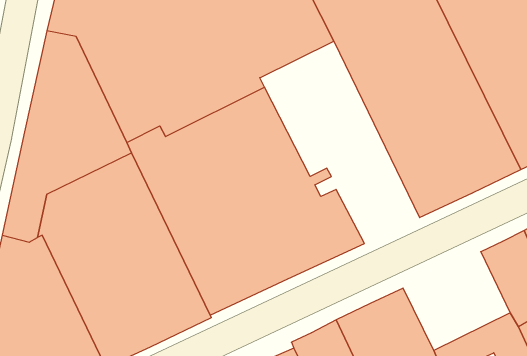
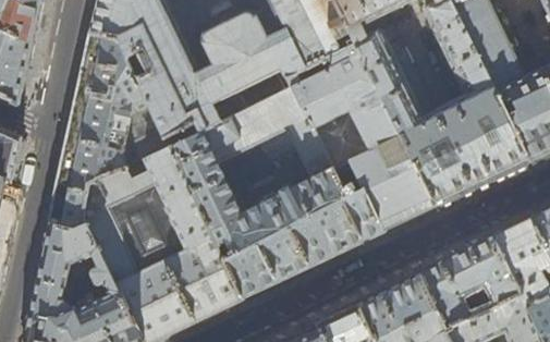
building: none -> [289,44,437,231]
building: none -> [421,239,521,330]

